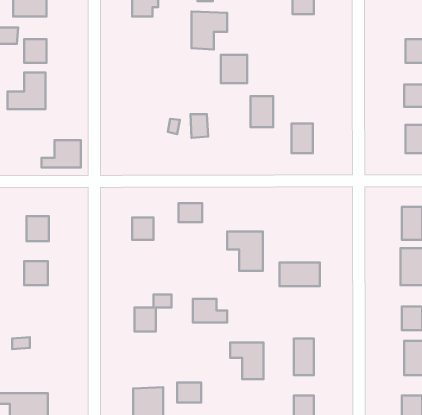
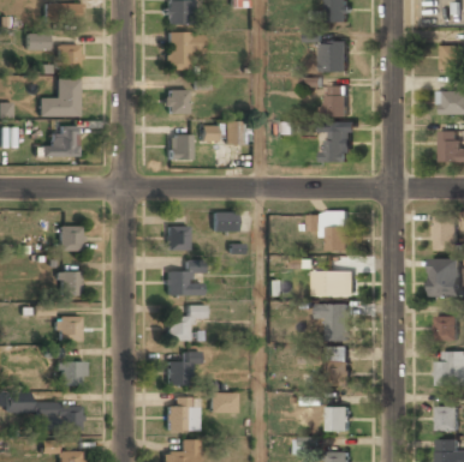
building: [191,11,227,49] -> [166,31,202,70]
building: [221,55,247,83] -> [322,42,349,71]
building: none -> [165,78,185,114]
building: [250,96,273,127] -> [326,85,349,116]
building: none -> [167,134,190,161]
building: [42,140,81,167] -> [36,128,76,156]
building: [227,232,263,271] -> [313,211,349,251]
building: [193,299,227,322] -> [165,270,200,294]
building: none -> [54,316,79,338]
building: [230,343,263,379] -> [316,304,350,341]
building: none -> [166,353,200,385]
building: none -> [59,361,83,385]

